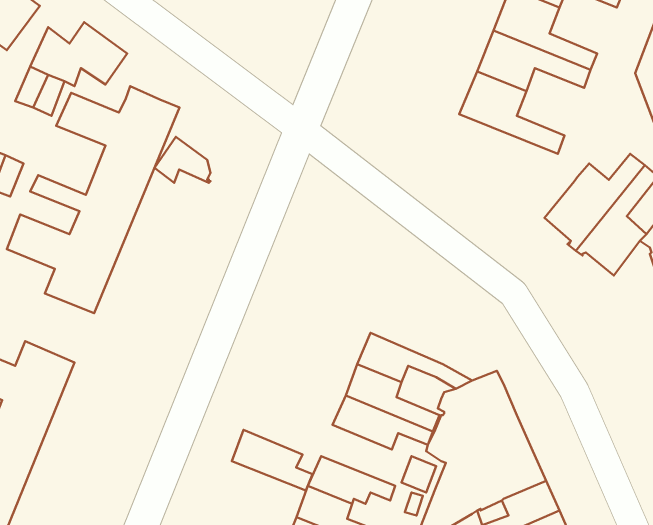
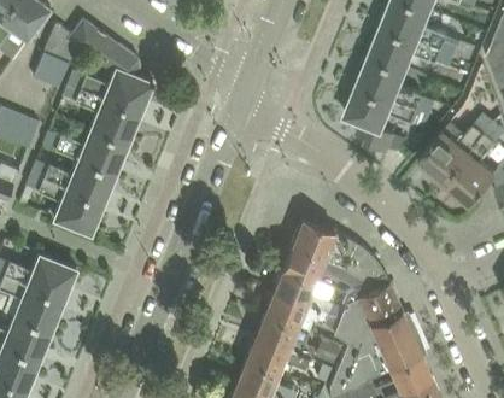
building: none -> [346,87,430,154]
building: [155,137,210,183] -> [99,42,140,76]
building: none -> [293,221,385,282]
building: [232,430,313,491] -> [257,315,316,359]

